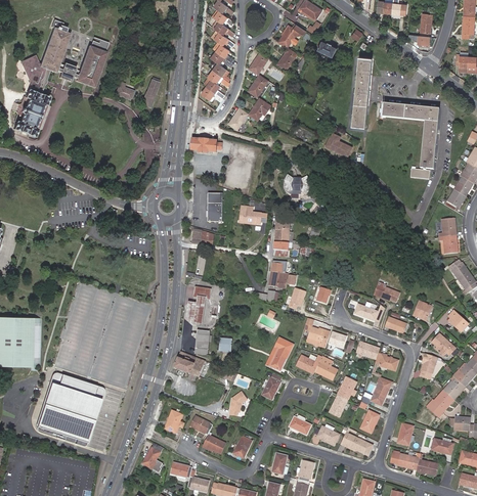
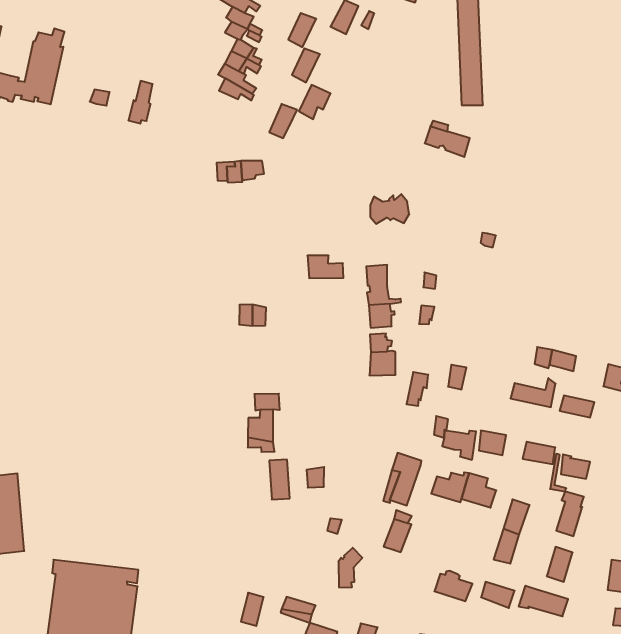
building: [382,103,438,179] -> none
building: [208,192,222,221] -> none
building: [174,351,205,376] -> none

